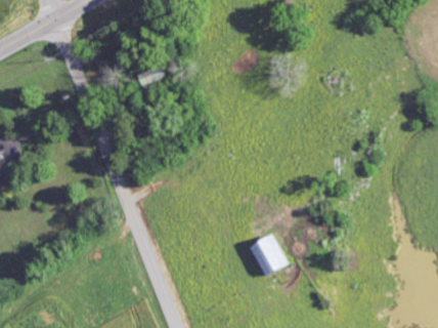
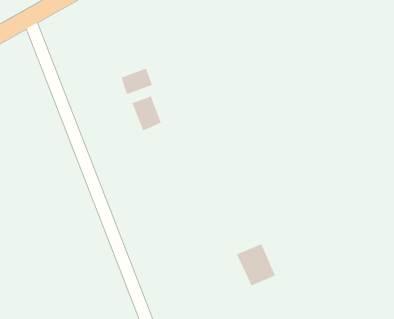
building: none -> [132,96,162,131]

